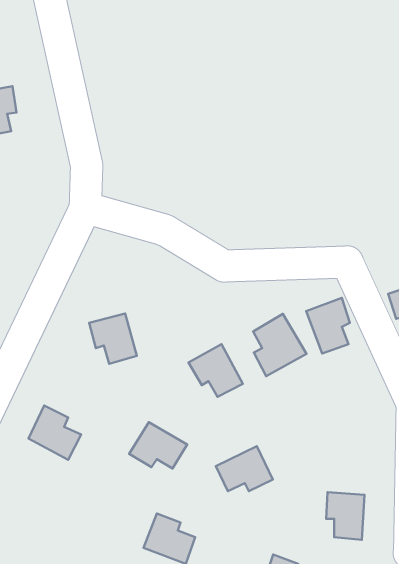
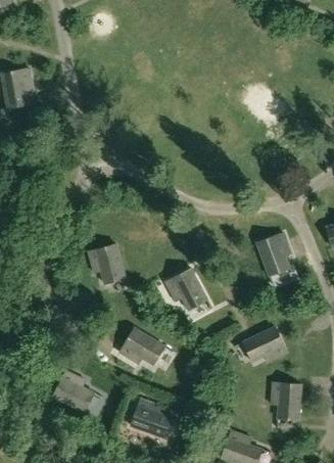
building: [253,314,307,376] -> none
building: [28,406,81,460] -> [53,371,94,413]
building: [216,446,273,491] -> [243,327,287,362]

